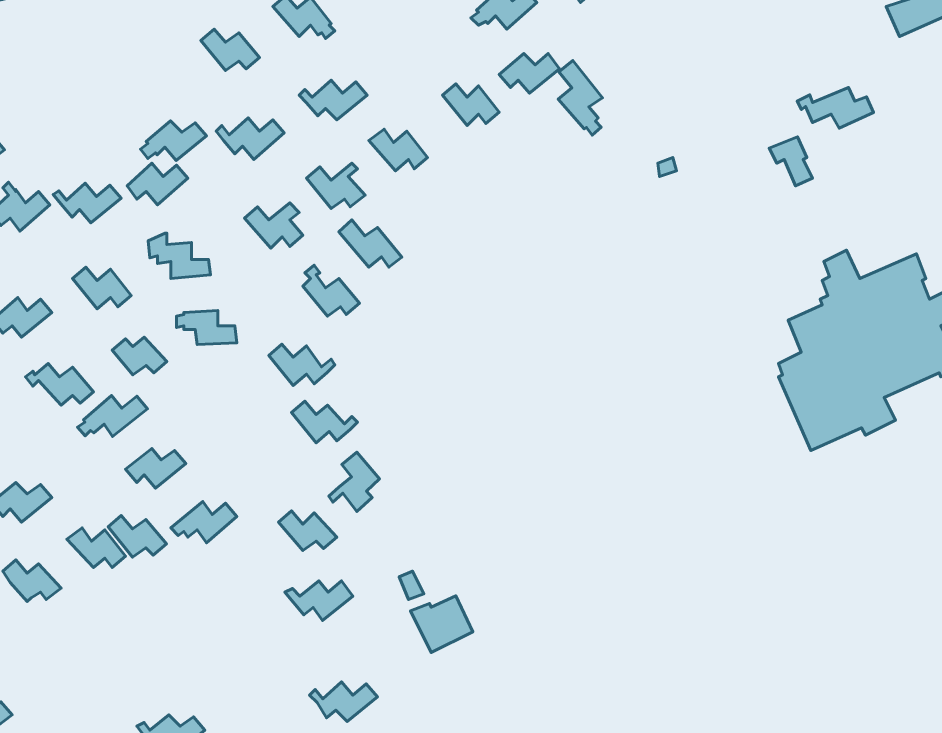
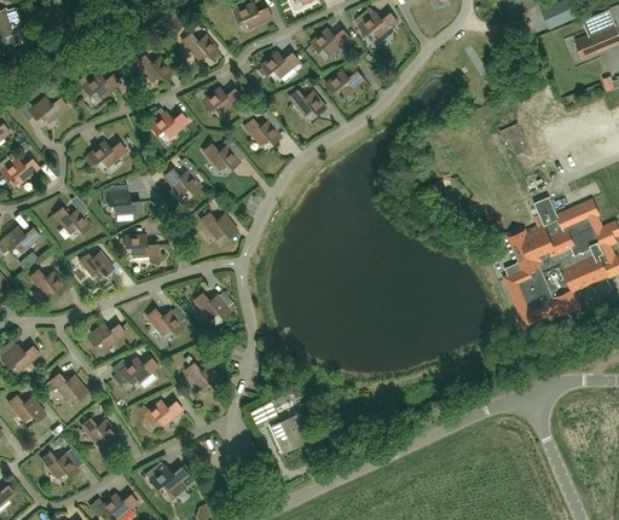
building: none -> [259,52,300,77]
building: [558,61,602,135] -> none
building: [797,88,873,128] -> none
building: [140,121,206,161] -> [79,73,121,98]
building: [53,183,121,223] -> [24,97,68,122]
building: [339,220,402,267] -> none
building: [269,344,335,386] -> [146,308,189,335]
building: [78,395,147,437] -> none
building: [329,452,379,512] -> none
building: [108,516,167,557] -> [81,417,118,444]
building: [285,581,353,621] -> [139,400,183,426]
building: none -> [41,451,79,478]
building: [310,682,378,722] -> [145,466,189,491]

